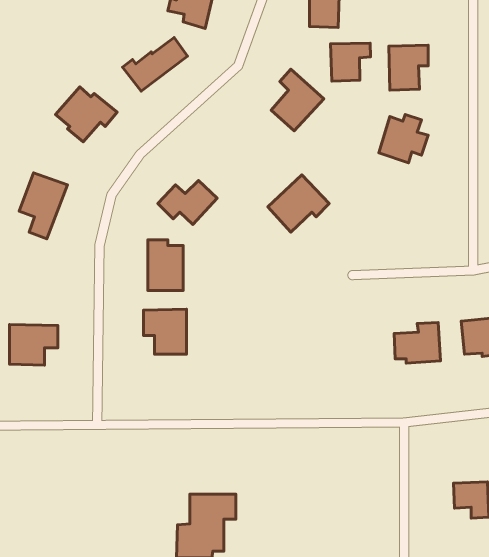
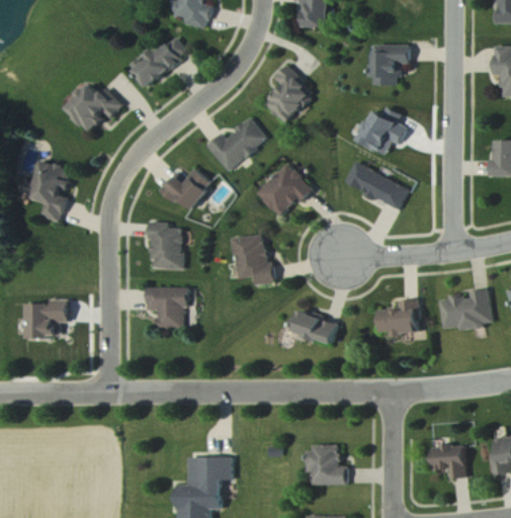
building: [330,43,370,81] -> none
building: none -> [207,117,268,171]
building: none -> [346,161,410,209]
building: none -> [233,234,276,284]
building: none -> [292,311,338,344]
building: none -> [307,444,346,485]

